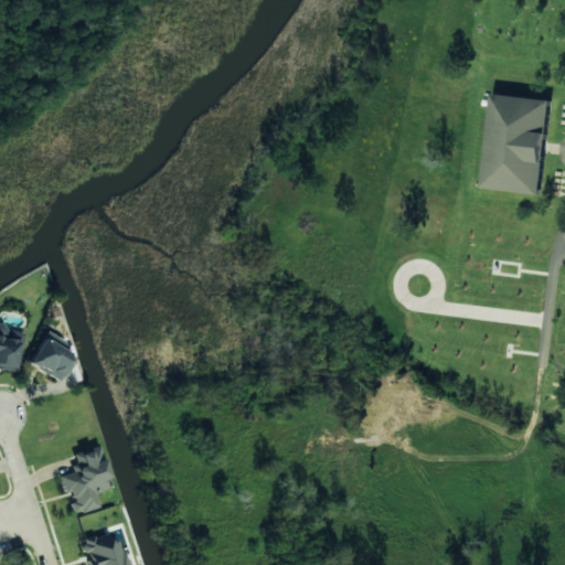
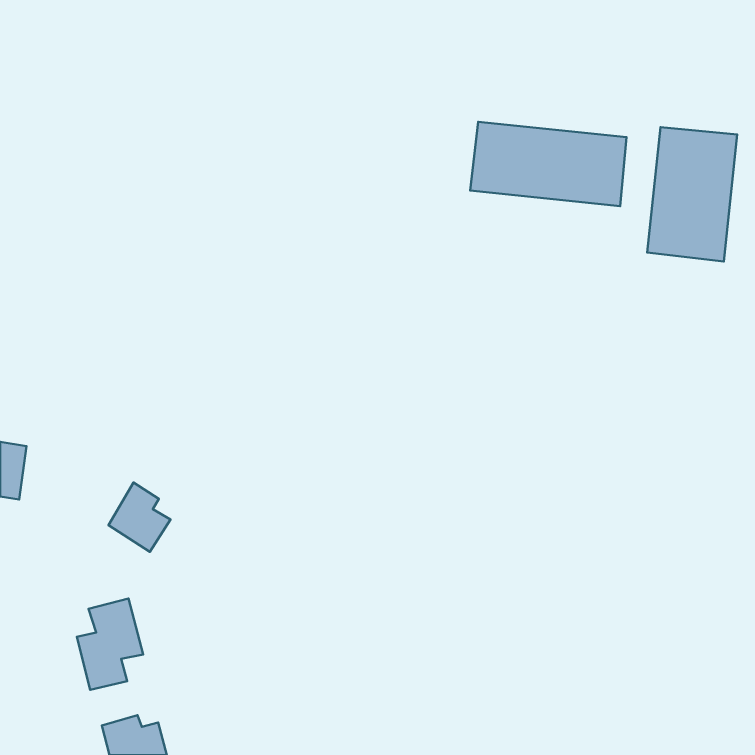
building: none -> [470,122,626,206]
building: [24,331,71,383] -> [108,482,171,552]

